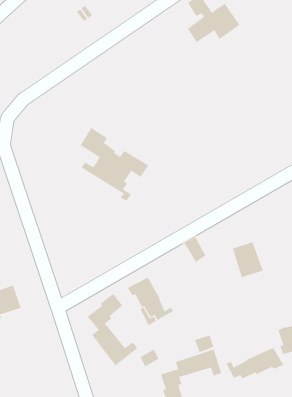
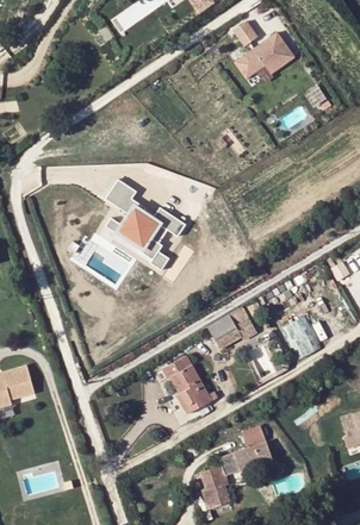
building: none -> [207,315,241,349]
building: [87,293,138,366] -> none
building: [226,347,284,379] -> none

